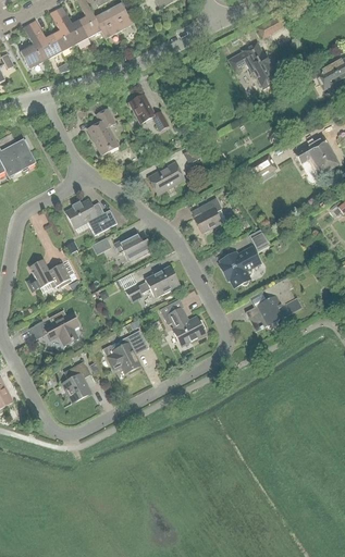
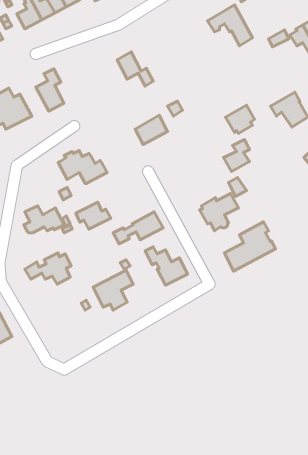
building: [87,108,118,153] -> [36,69,64,111]
building: [193,197,221,232] -> [223,139,249,172]
building: [113,231,151,260] -> [76,202,111,229]
building: [61,360,90,401] -> none

